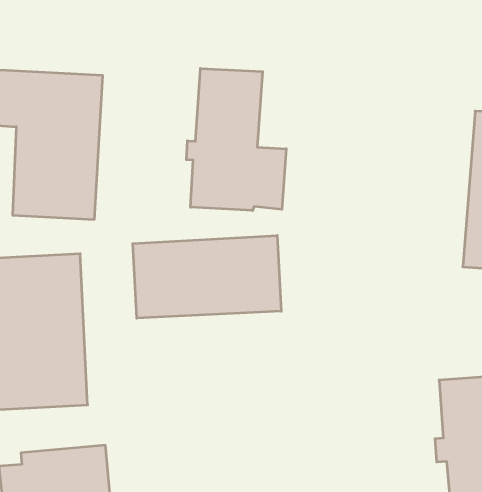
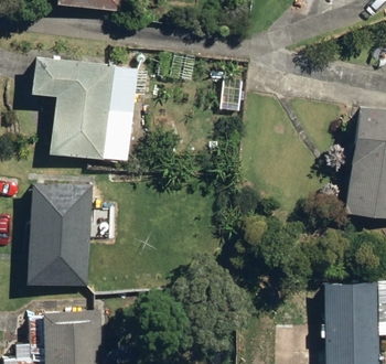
building: [186,68,286,211] -> none
building: [133,235,281,318] -> none

